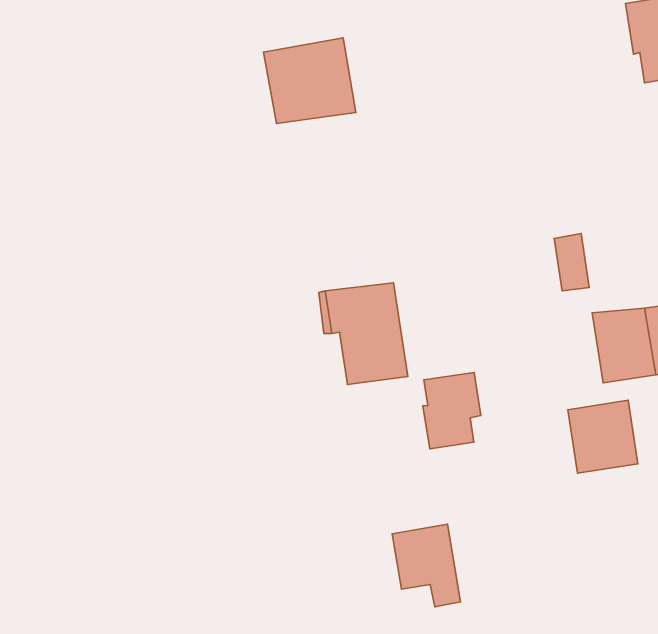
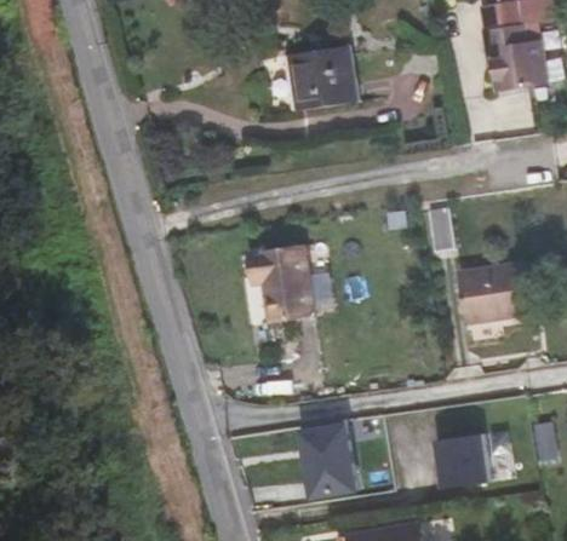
building: [264,38,356,124] -> [288,45,359,110]
building: [423,372,481,449] -> none
building: [568,400,638,473] -> [437,432,491,488]

